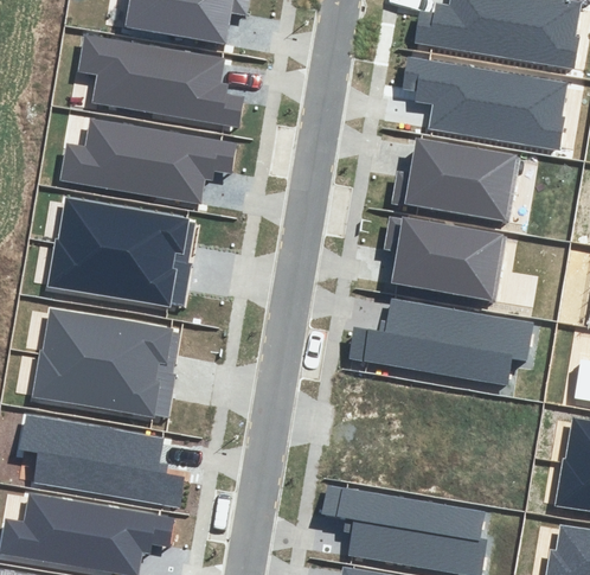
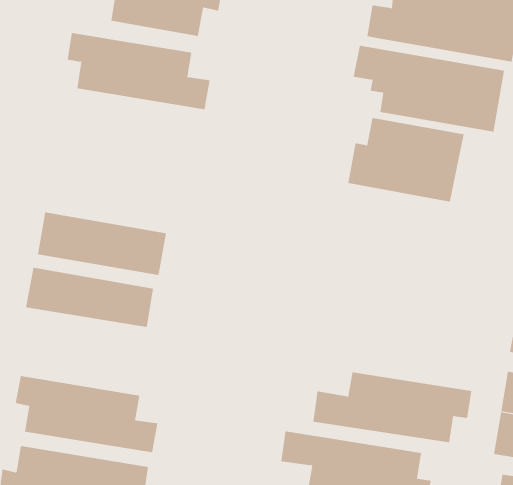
building: [60,120,229,199] -> none
building: [56,194,199,262] -> none
building: [380,210,505,308] -> none
building: [353,306,531,385] -> [313,372,472,443]
building: [26,345,171,415] -> none

